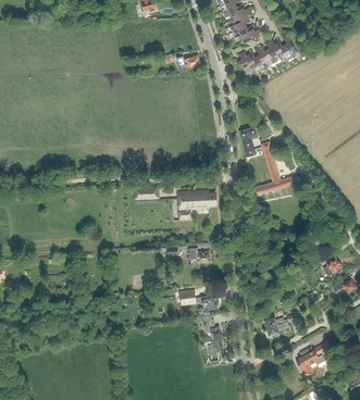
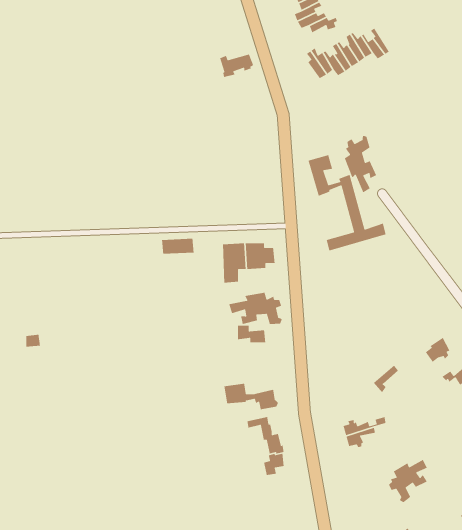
building: none -> [344,135,377,194]
building: none -> [228,292,282,325]

